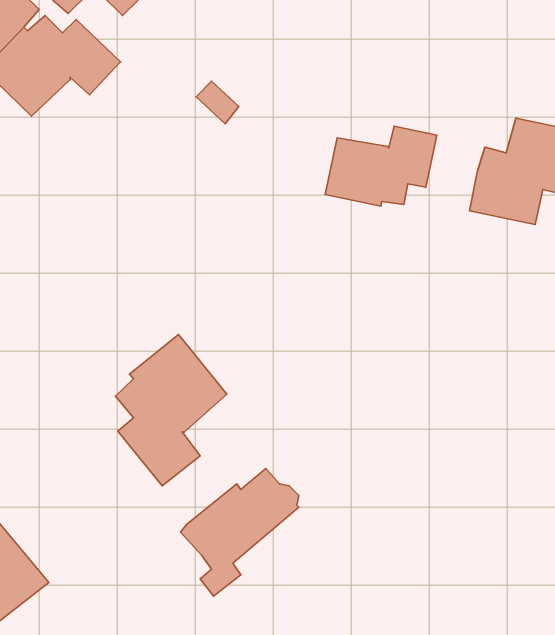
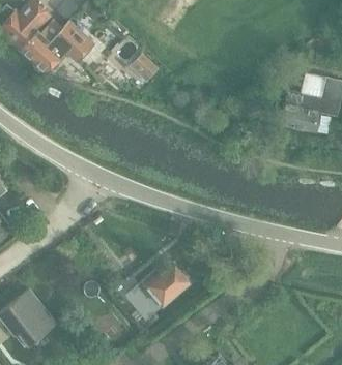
building: [325,126,437,206] -> none
building: [115,334,227,486] -> none

